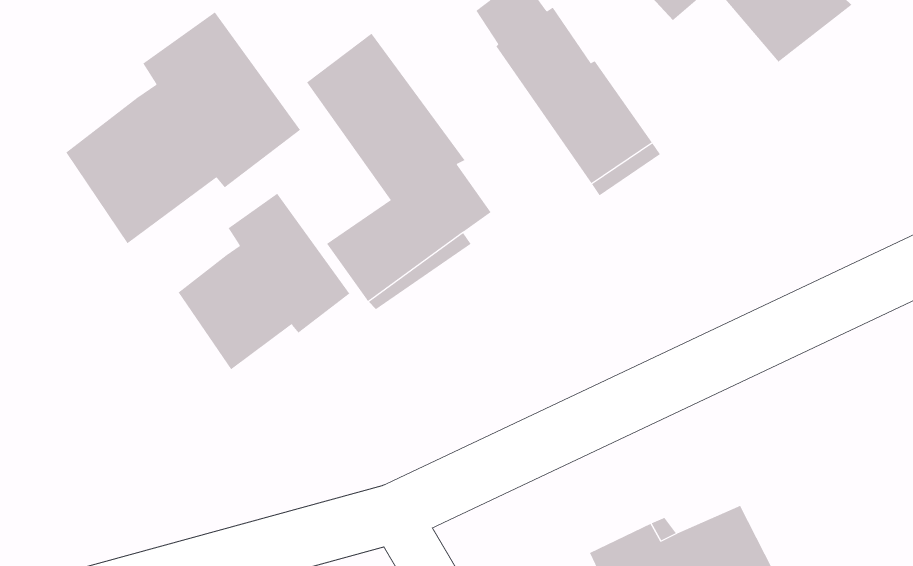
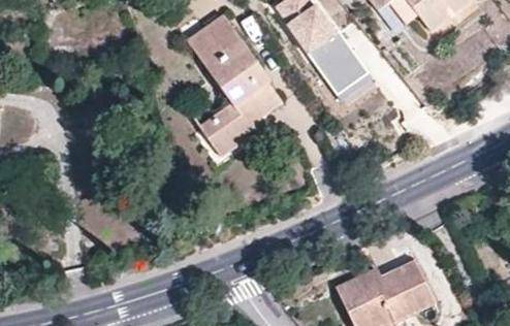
building: [65,12,301,244] -> none
building: [178,193,350,370] -> none

